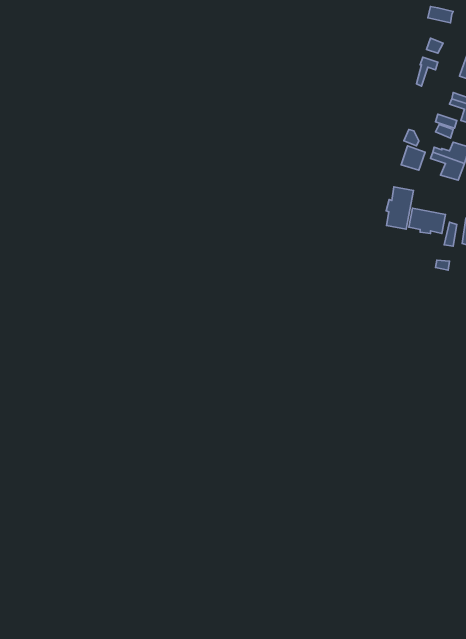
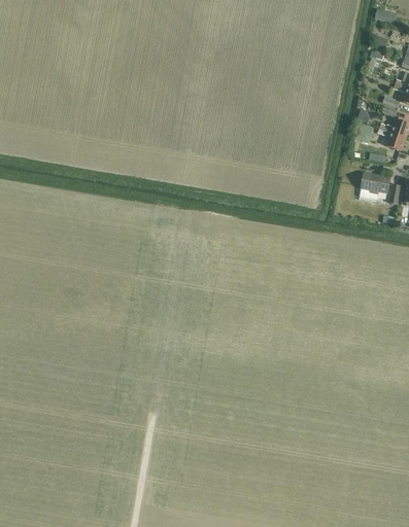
building: [386,187,414,229] -> none

